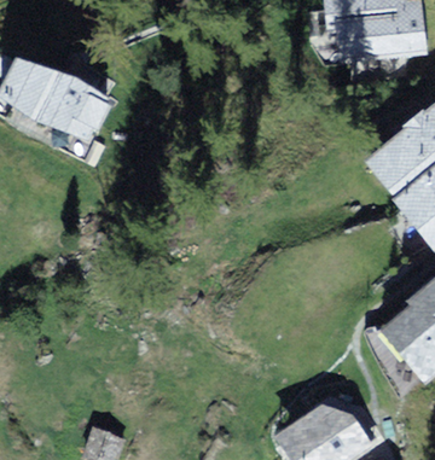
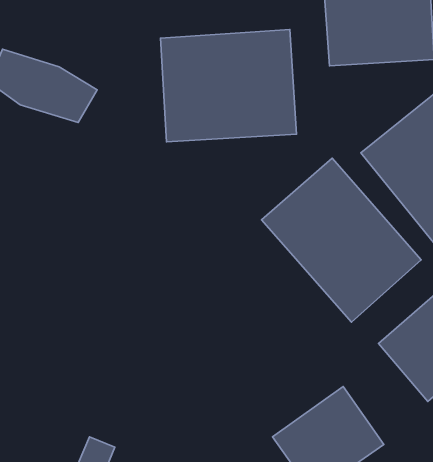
building: none -> [160,30,297,142]
building: none -> [261,158,421,322]

